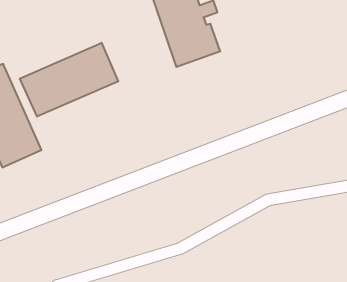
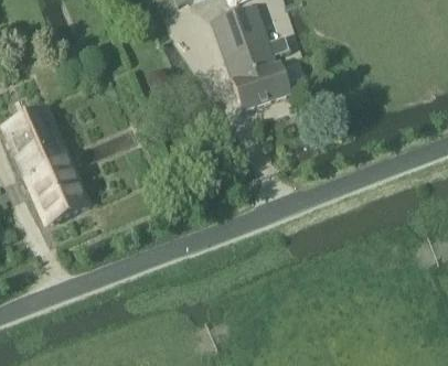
building: [20,43,118,117] -> none

